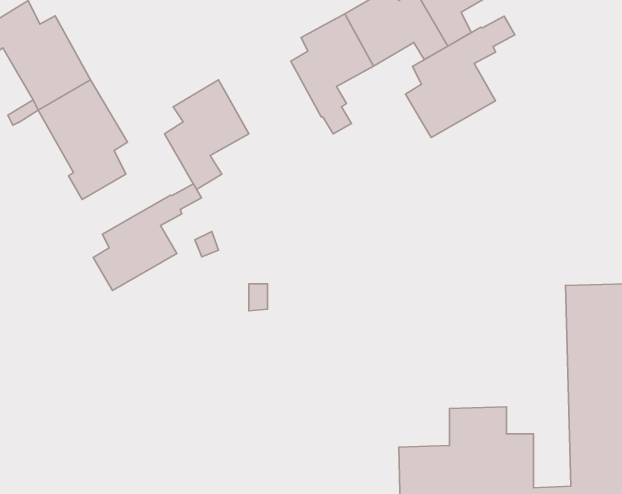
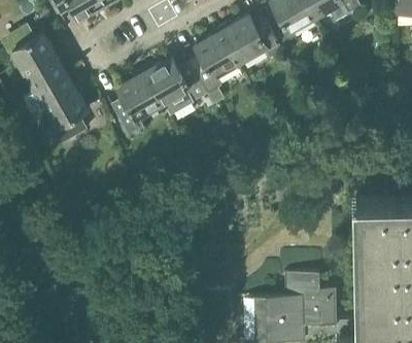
building: [406,16,515,138] -> none
building: none -> [143,57,206,105]
building: [93,184,202,290] -> none

